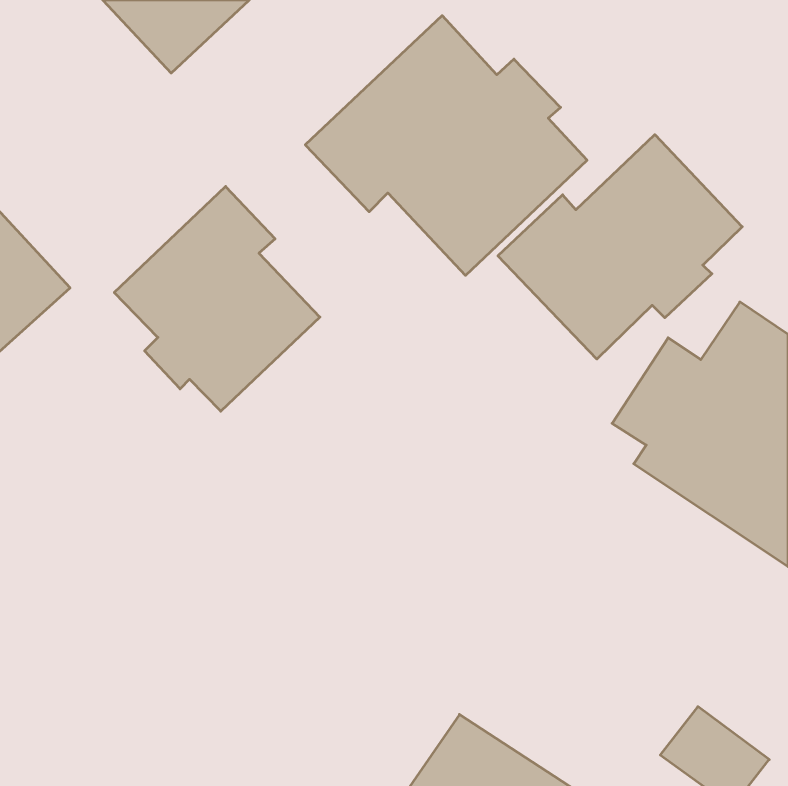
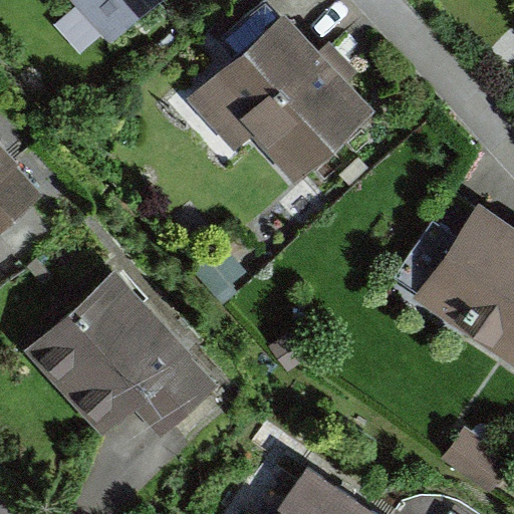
building: [498,135,742,359] -> none
building: [114,186,320,411] -> none
building: none -> [30,269,221,445]

